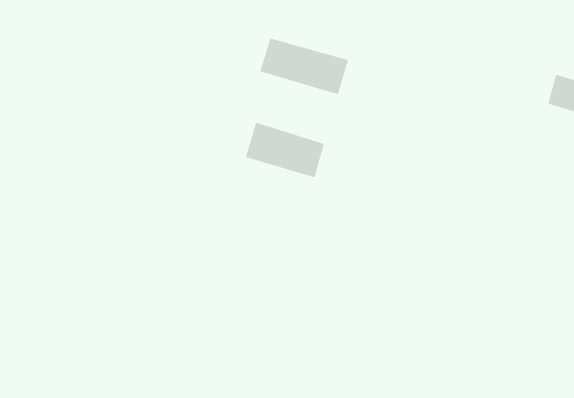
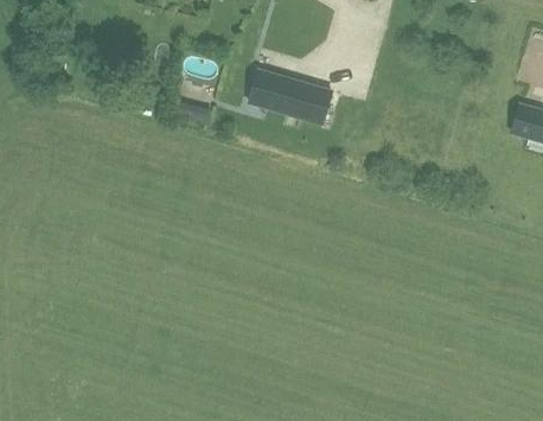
building: [245,122,325,178] -> none

